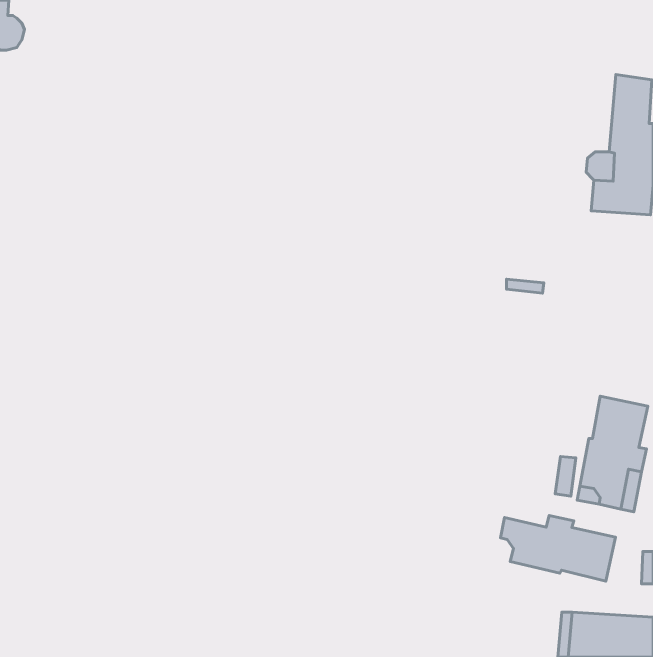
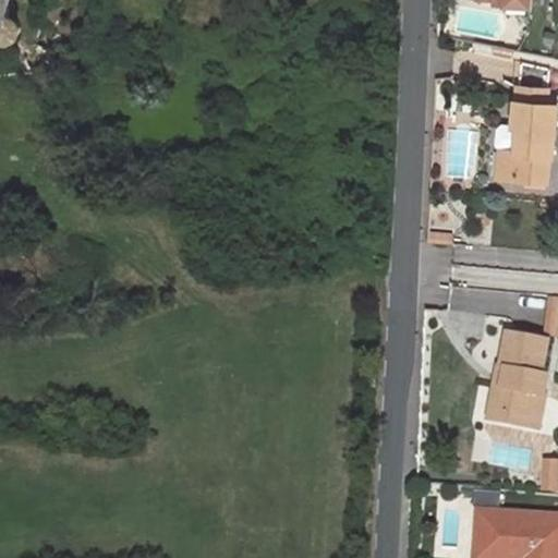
building: [500,515,615,581] -> none

